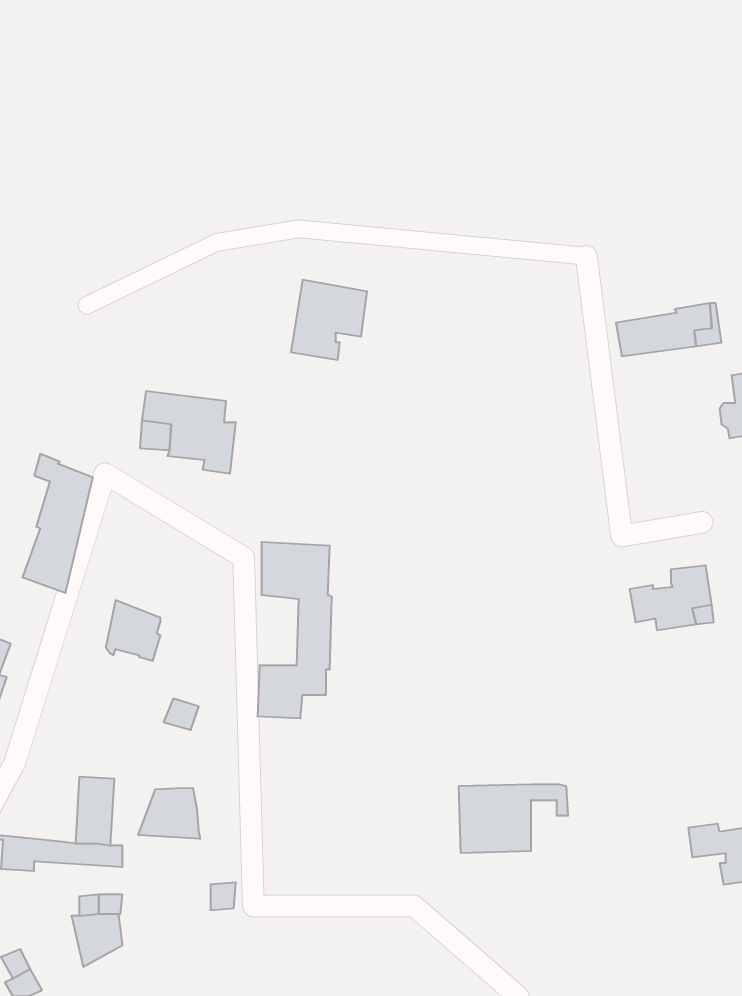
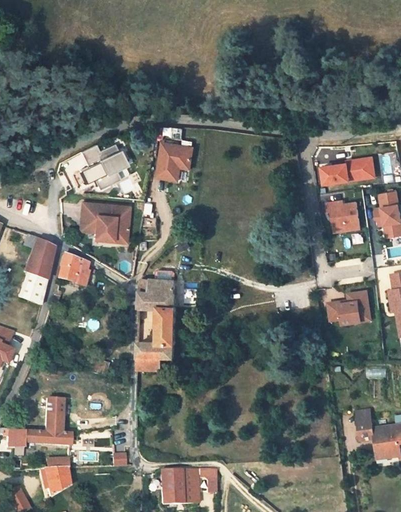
building: none -> [81,142,130,189]
building: none -> [326,200,361,231]
building: [106,600,161,661] -> [58,253,86,284]
building: [459,784,568,853] -> [161,468,217,503]
building: [138,788,200,839] -> none

